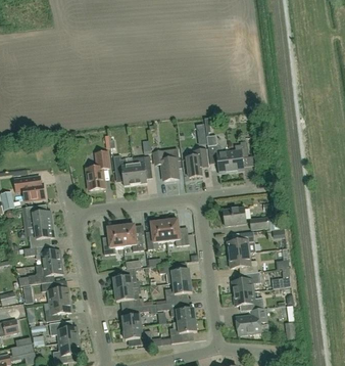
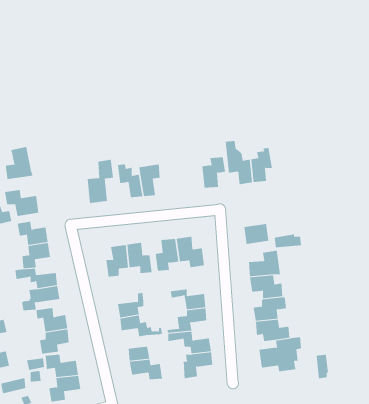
building: none -> [5,146,33,180]
building: [153,150,178,180] -> none

